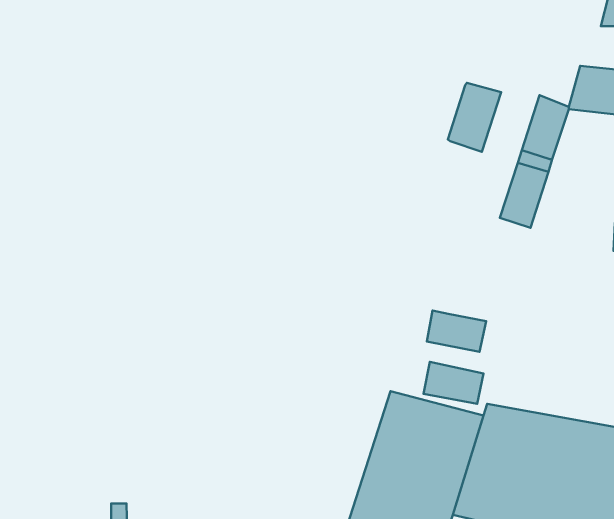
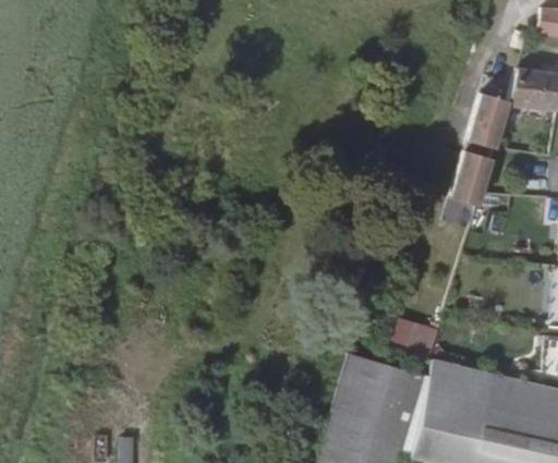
building: [448,83,501,152] -> none
building: [427,310,486,352] -> none

